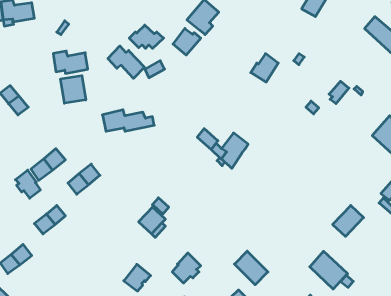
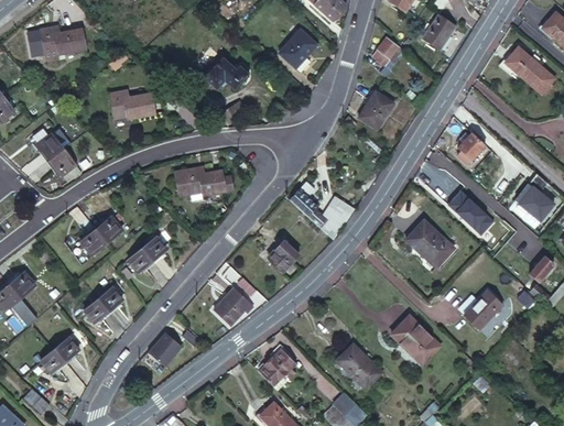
building: none -> [372,37,404,70]
building: [173,28,201,55] -> none
building: [108,46,144,78] -> none
building: [61,76,86,103] -> none
building: none -> [449,190,495,234]
building: none -> [403,218,454,264]
building: none -> [271,239,299,270]
building: [15,170,40,198] -> none
building: [310,251,348,289] -> [392,314,441,362]
building: [124,264,151,291] -> [149,335,183,369]

